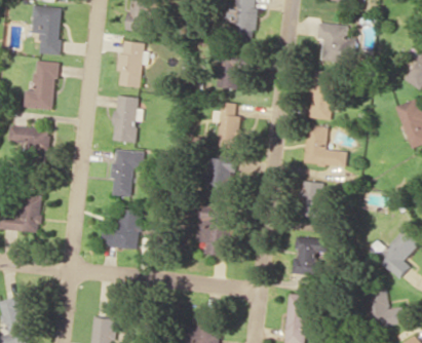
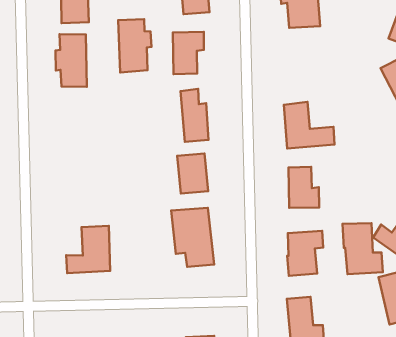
building: [310,72,341,119] -> none
building: [112,96,143,142] -> [118,19,151,72]
building: [111,150,144,196] -> none
building: none -> [343,223,383,274]

